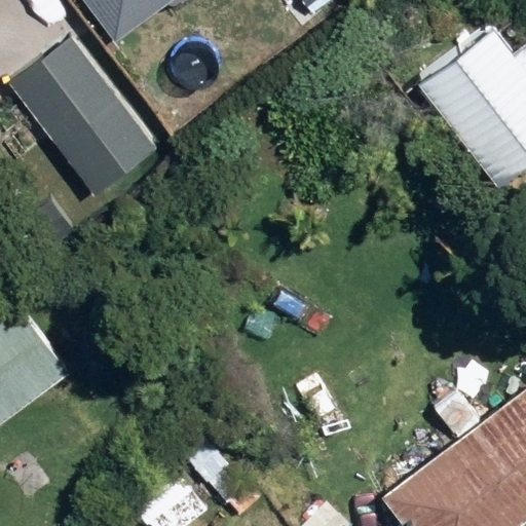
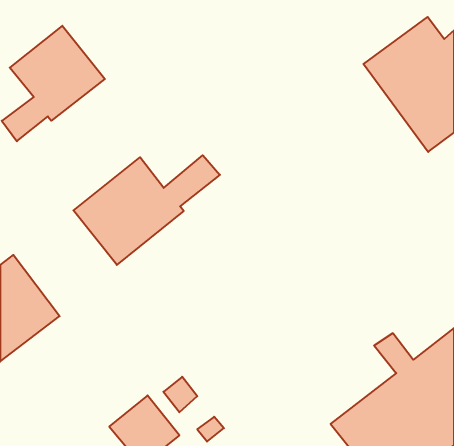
building: none -> [73,155,220,265]

